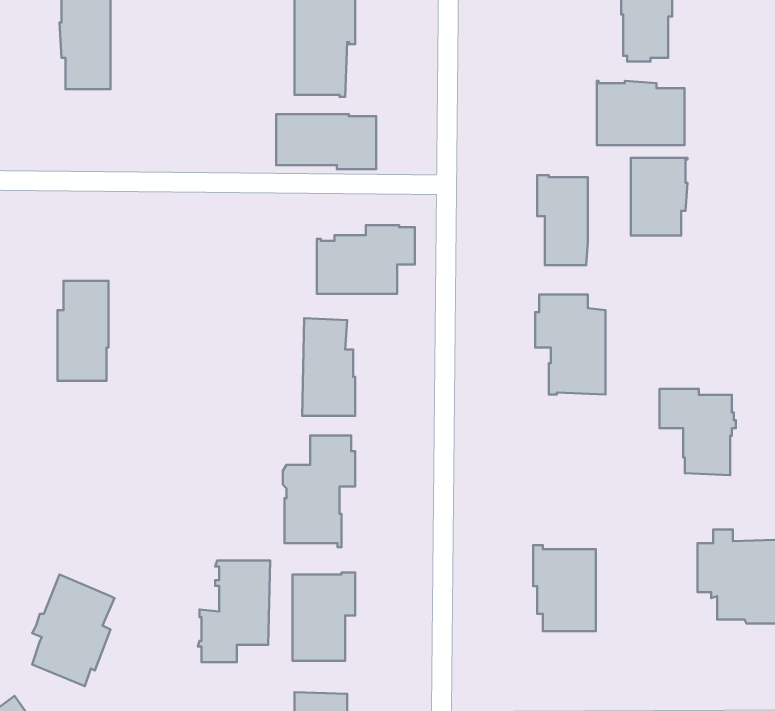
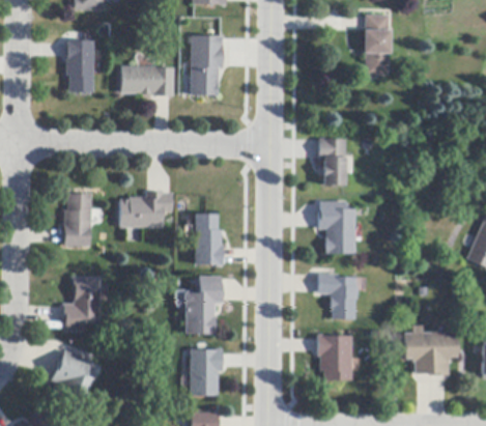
building: [597,81,684,145] -> none
building: [276,114,376,169] -> [121,66,174,95]
building: [631,158,688,236] -> none
building: [317,225,415,294] -> [121,192,173,228]
building: [660,389,736,475] -> [317,274,358,319]
building: [198,560,270,662] -> [63,277,102,331]

